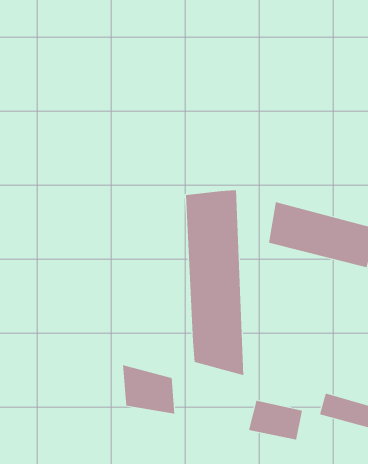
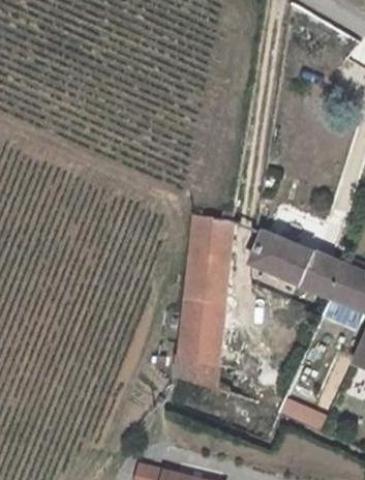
building: [122,364,175,414] -> [178,351,218,396]

